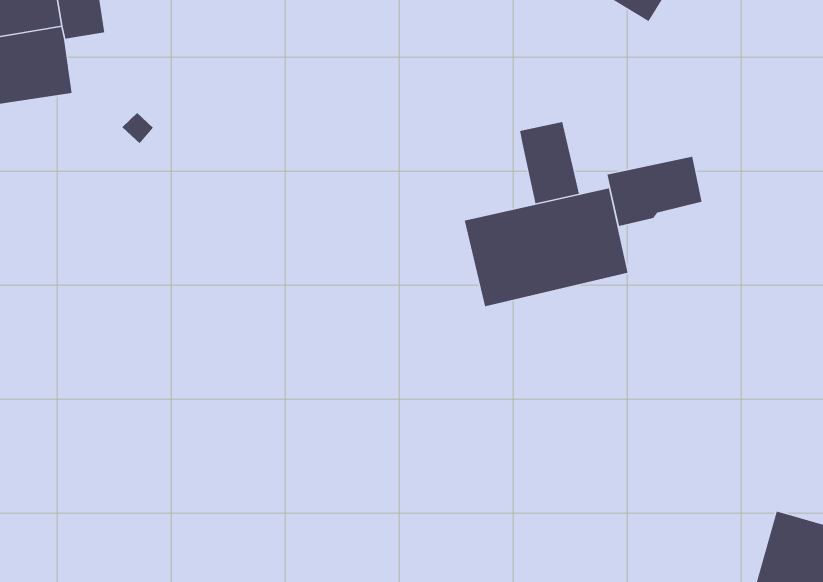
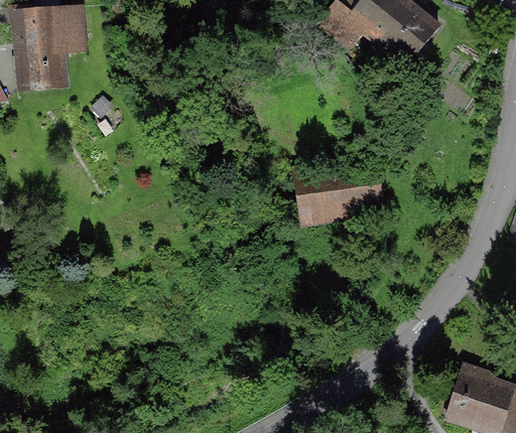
building: [519,121,580,204] -> none
building: [607,156,703,227] -> none

